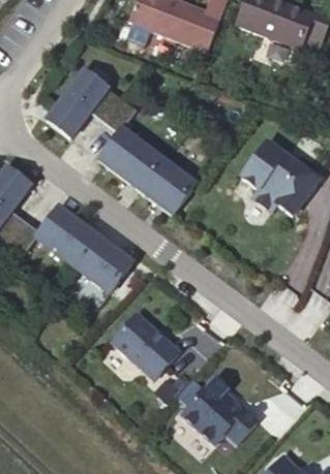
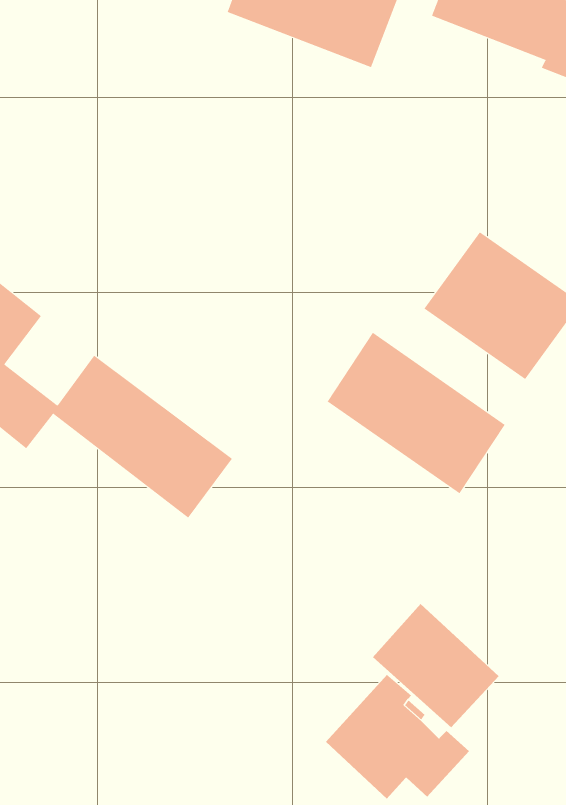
building: [47,68,196,214] -> none
building: none -> [327,332,505,494]
building: [112,312,180,379] -> [372,603,500,728]

